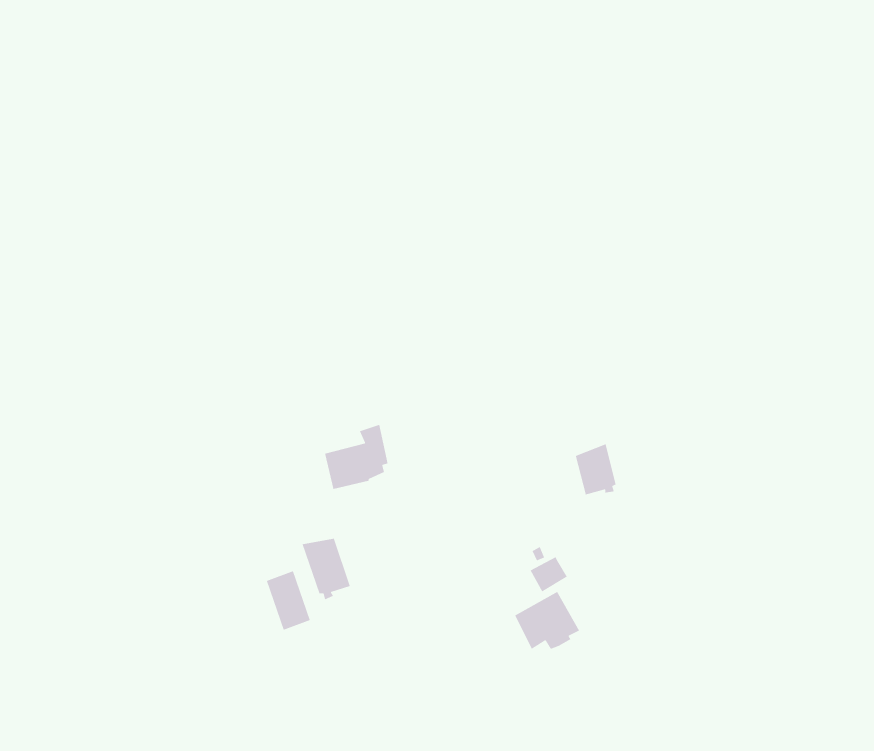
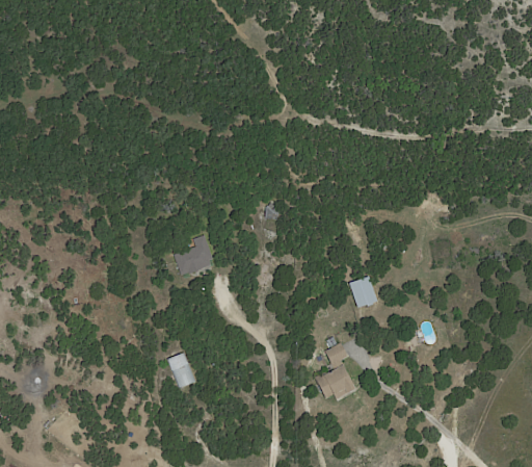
building: [324,424,388,490] -> [174,235,212,275]
building: [301,538,351,601] -> none

